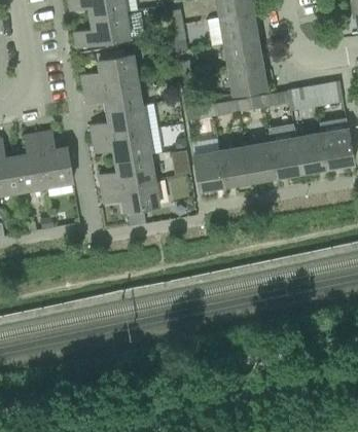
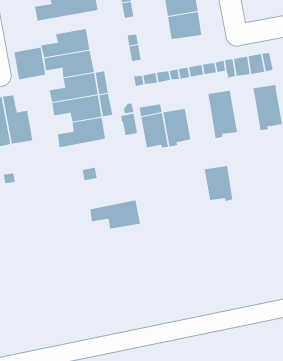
building: [227,63,267,96] -> none
building: none -> [14,47,46,80]
building: [296,132,327,172] -> none
building: [244,141,277,181] -> [204,166,233,201]
building: [102,179,159,212] -> [89,200,141,229]

